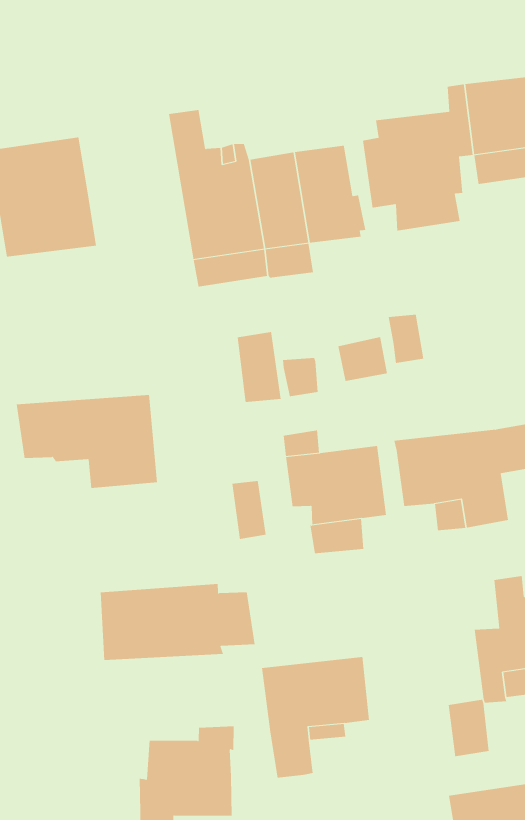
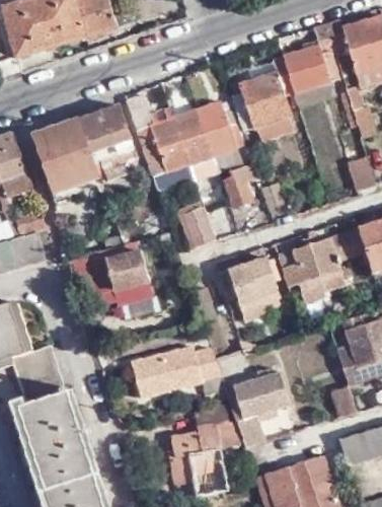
building: none -> [81,105,132,151]
building: none -> [225,162,255,205]
building: none -> [195,403,241,448]

